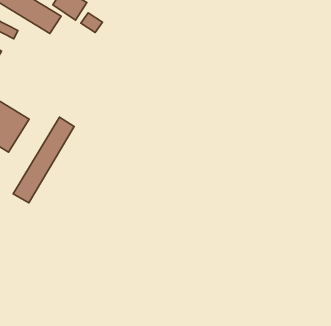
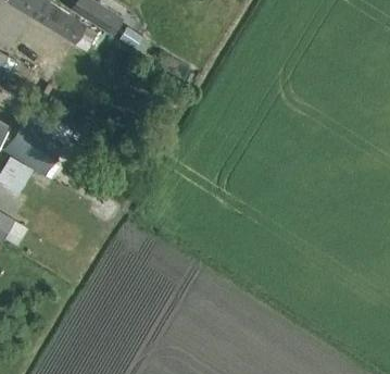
building: [13,117,74,203] -> none

